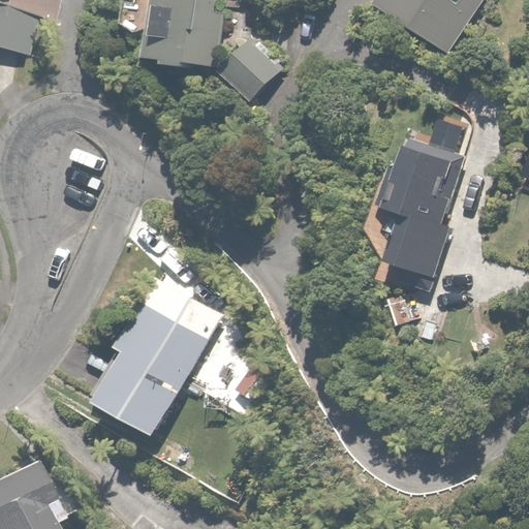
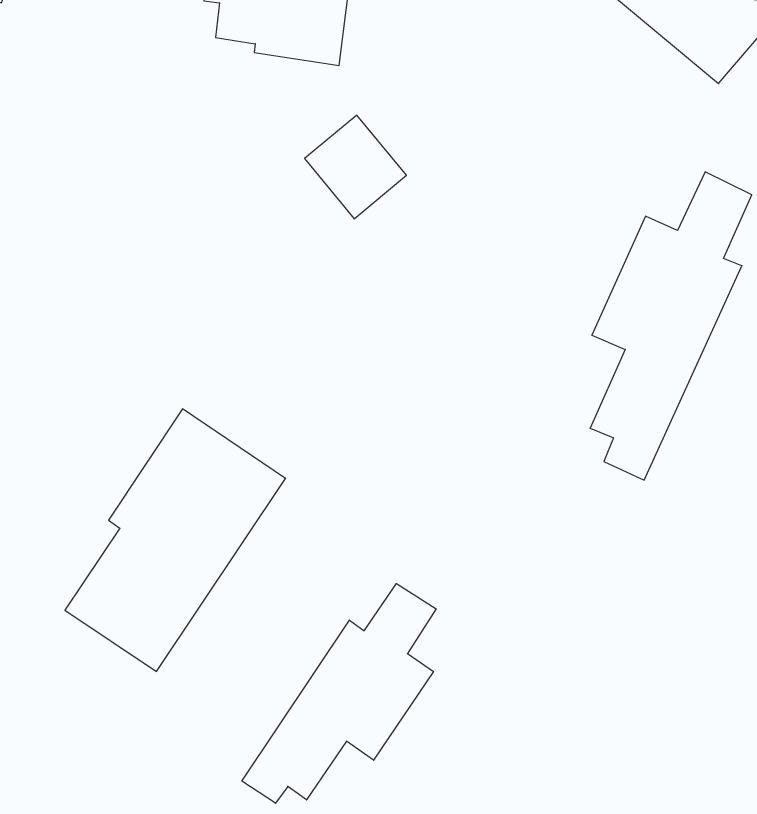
building: [221,38,282,99] -> [305,115,406,219]
building: none -> [242,584,436,803]

